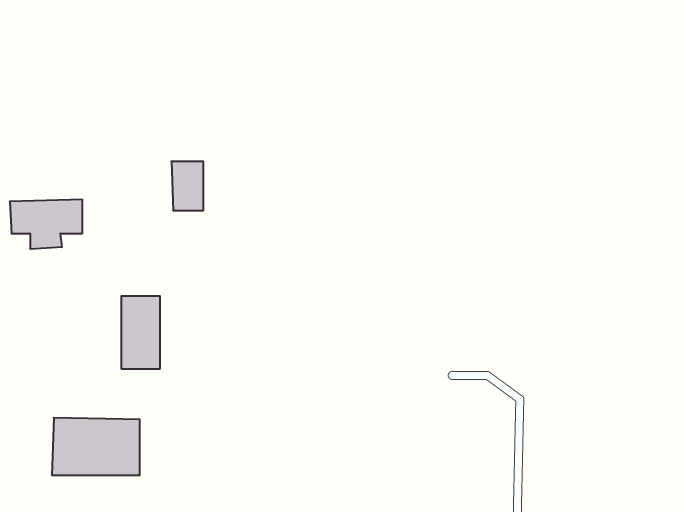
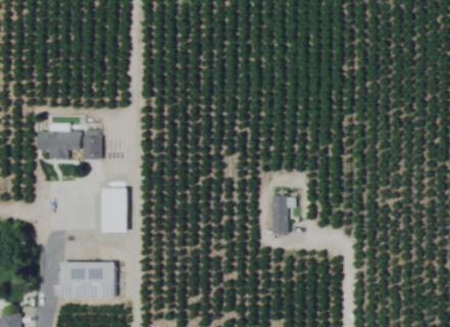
building: [171,161,203,210] -> [82,130,101,159]
building: none -> [271,195,295,234]

